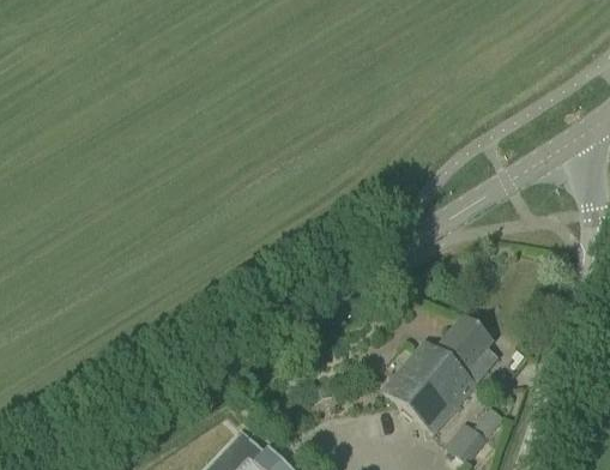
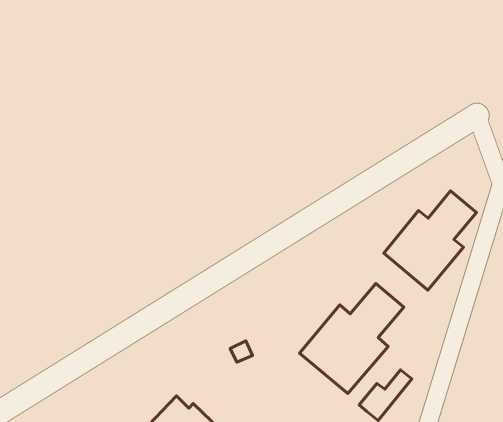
building: none -> [384,191,476,290]

